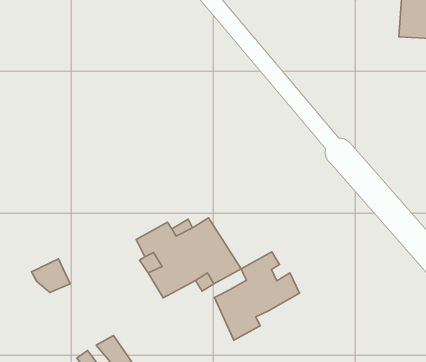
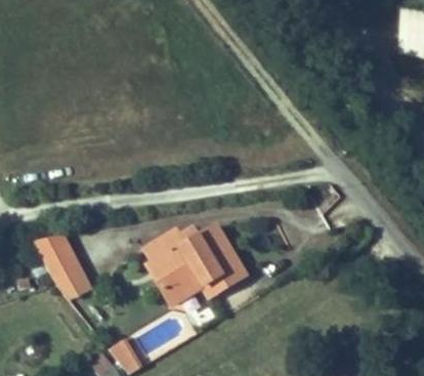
building: none -> [29,233,75,279]
building: [214,252,300,340] -> none

